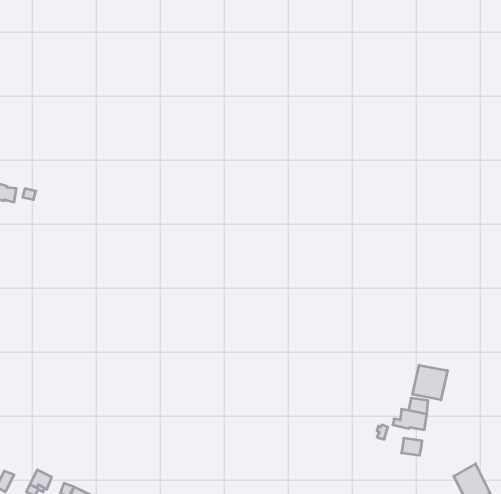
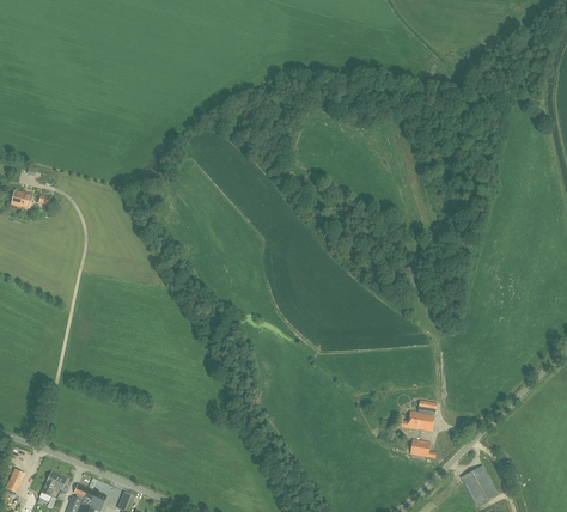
building: [413,365,447,400] -> none

